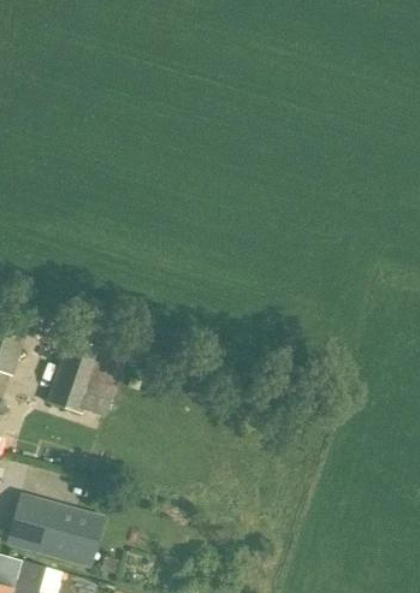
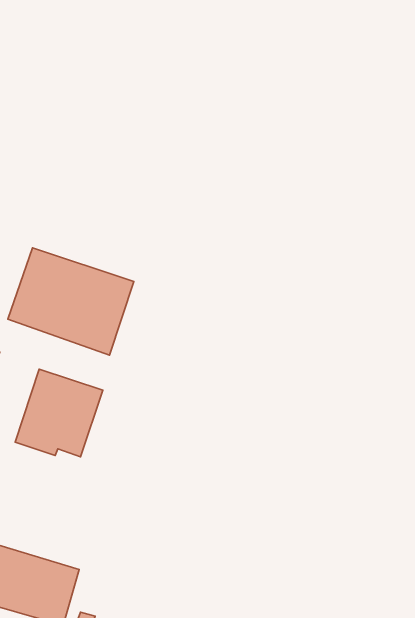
building: none -> [8,248,134,355]

